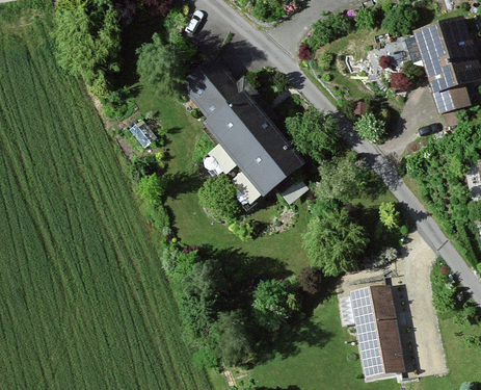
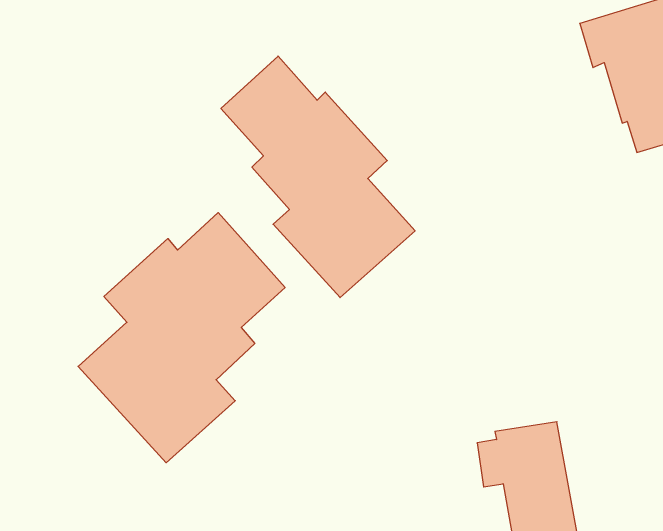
building: none -> [78,213,285,463]

